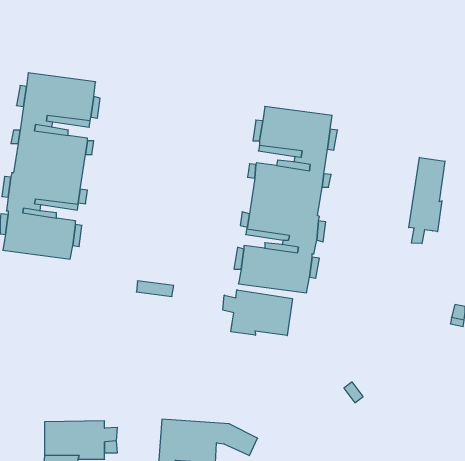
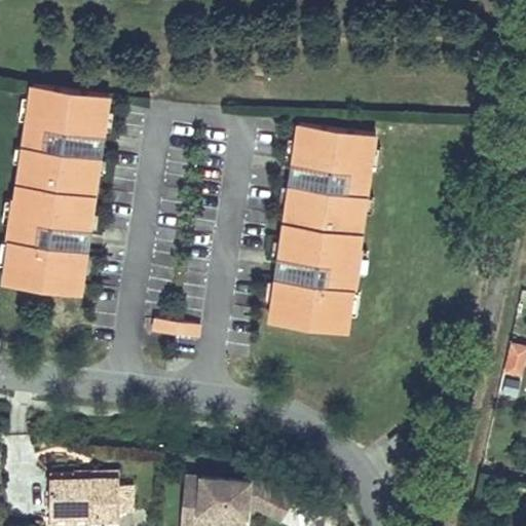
building: [409,157,445,244] -> none
building: [223,290,292,336] -> none

